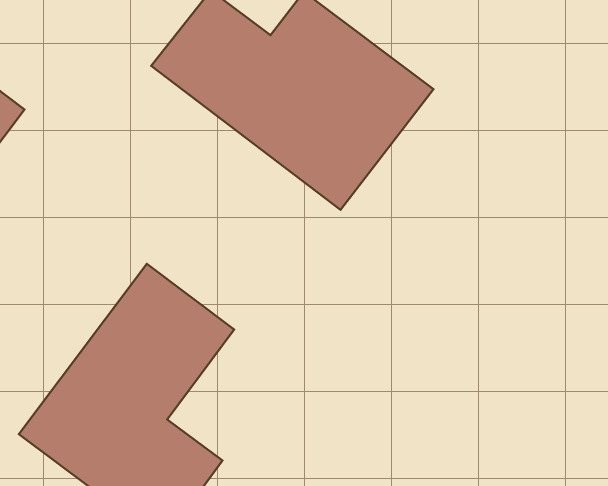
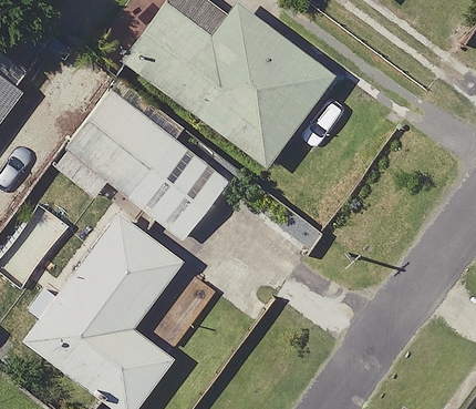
building: none -> [64,90,229,241]

